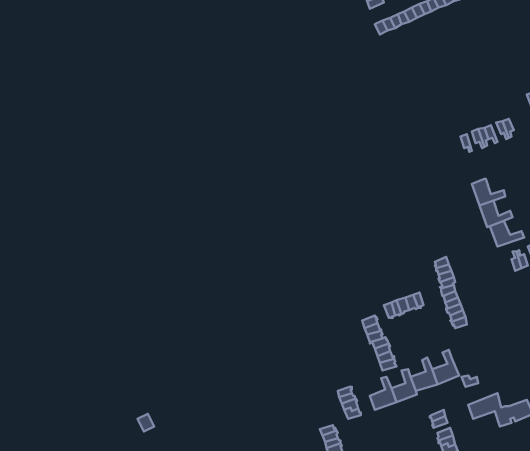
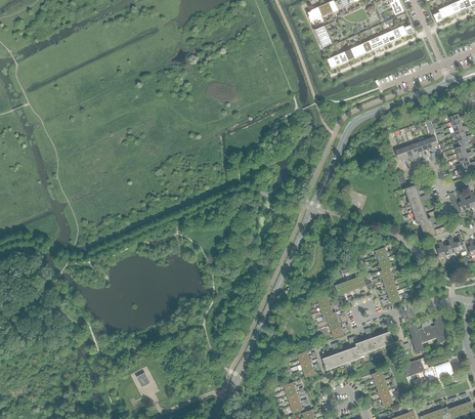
building: none -> [407,315,446,353]

